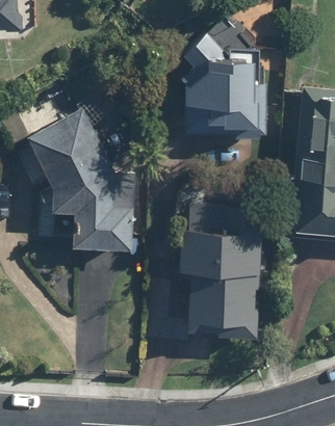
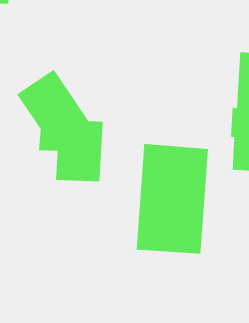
building: [183,32,263,137] -> none

